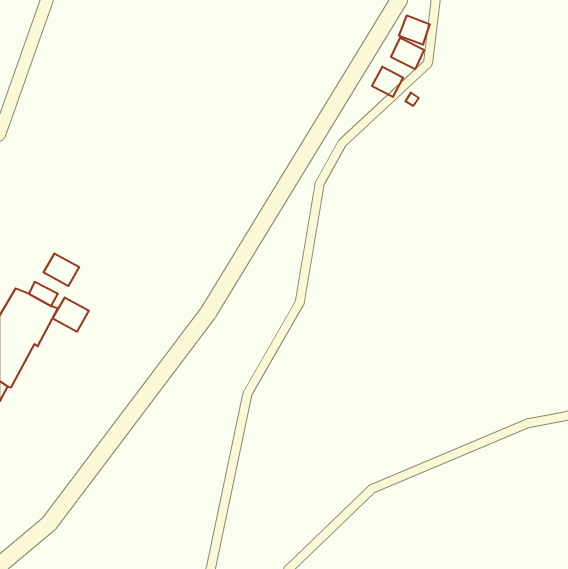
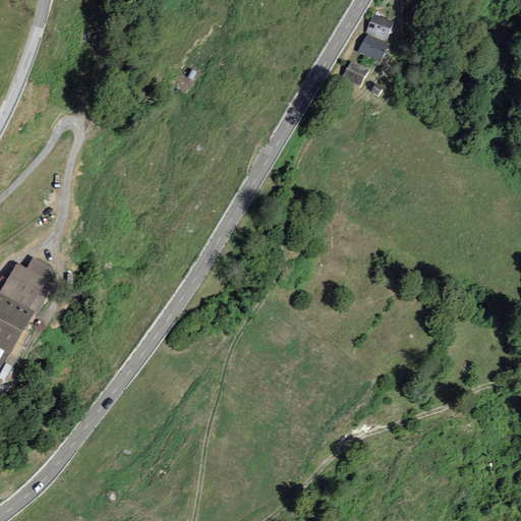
building: [44,253,79,286] -> none
building: [53,297,89,332] -> none

